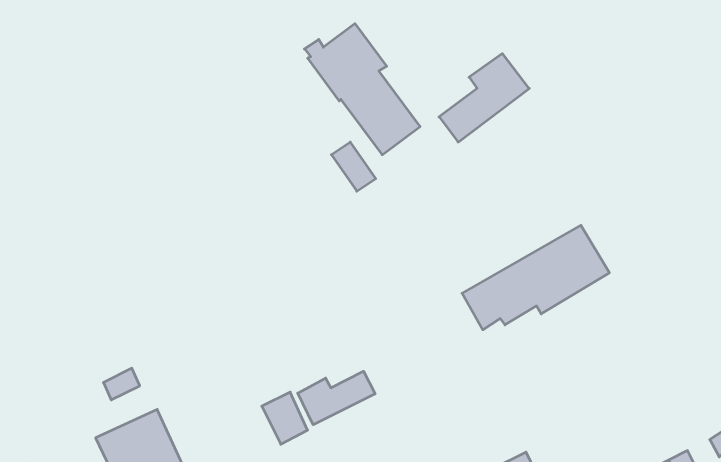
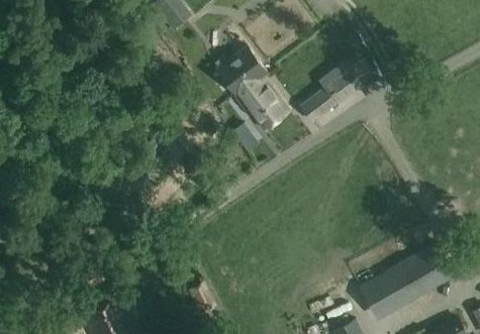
building: [462,225,609,330] -> [359,245,453,312]
building: [298,371,375,425] -> none

